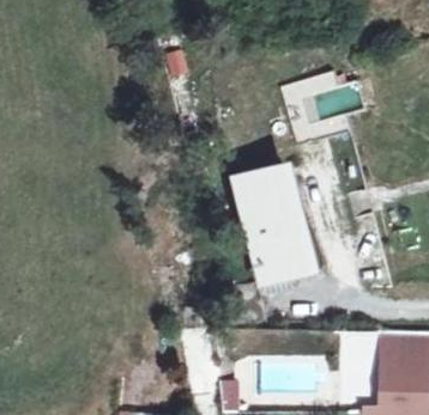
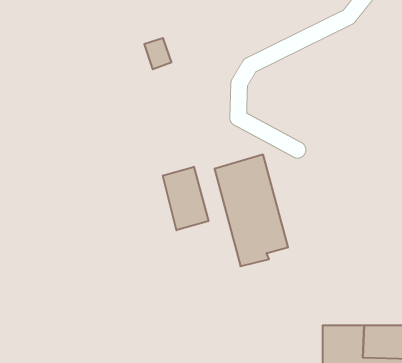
building: none -> [163,167,208,230]

